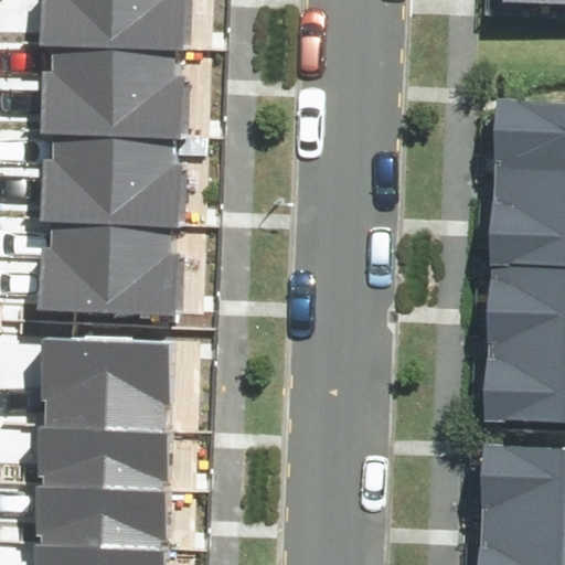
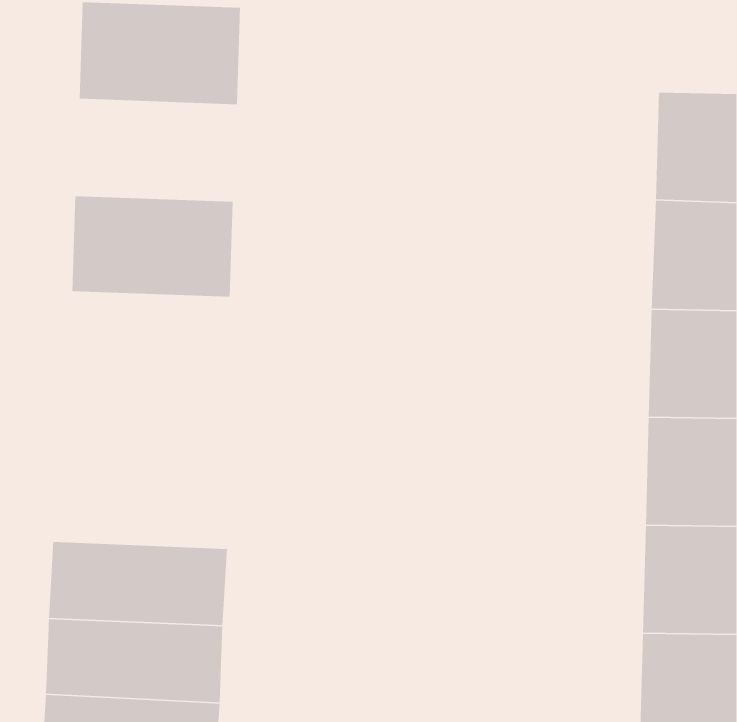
building: [56,93,180,170] -> none
building: [51,238,174,316] -> none
building: [40,332,175,433] -> none

